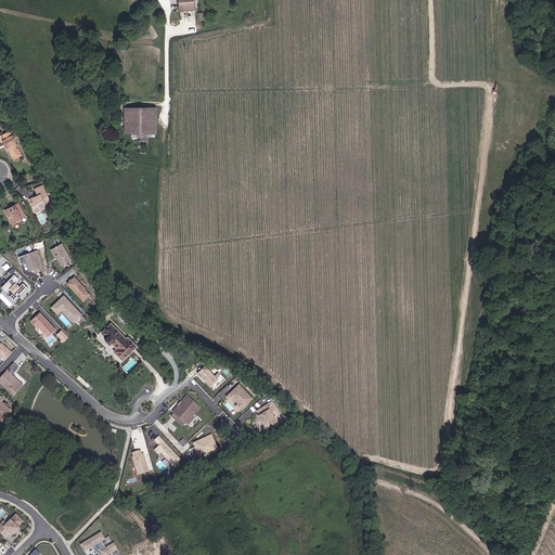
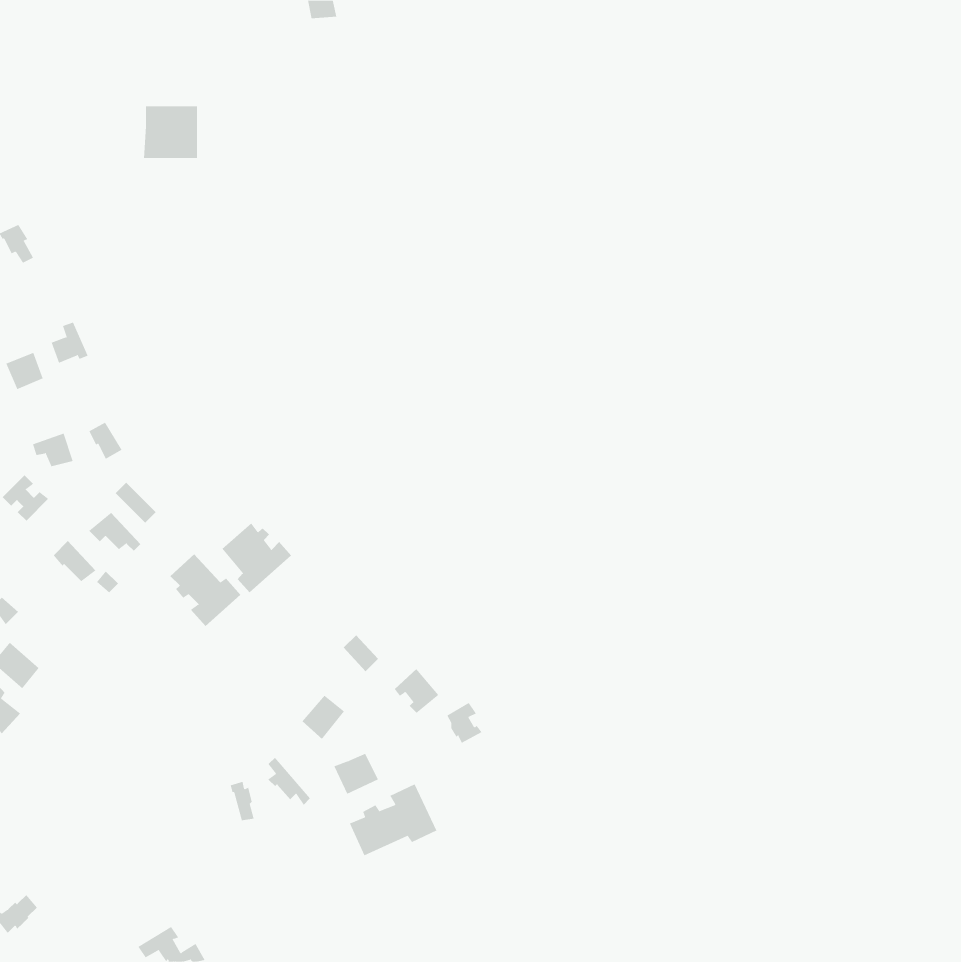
building: [124,107,155,138] -> [143,106,198,159]
building: none -> [221,523,292,593]
building: none -> [349,784,437,856]

